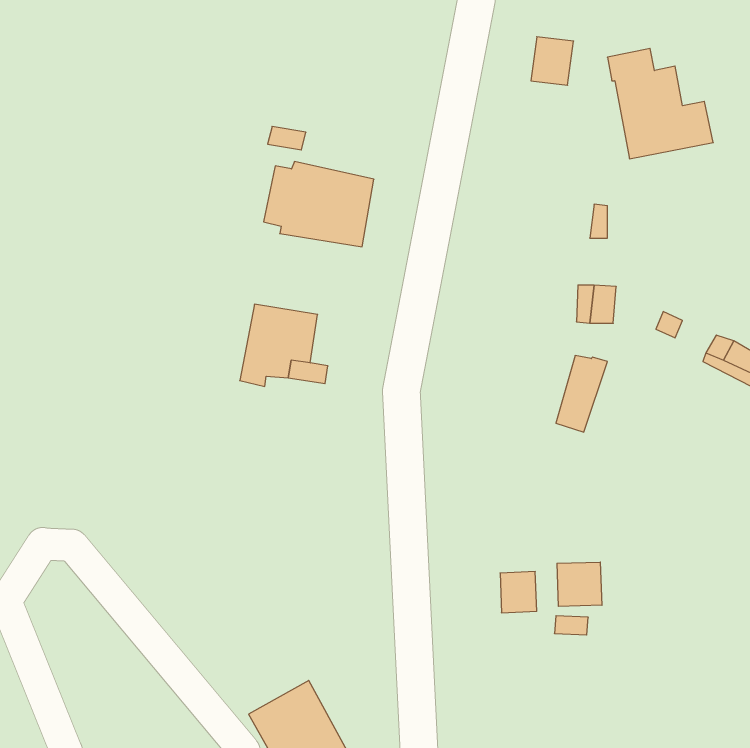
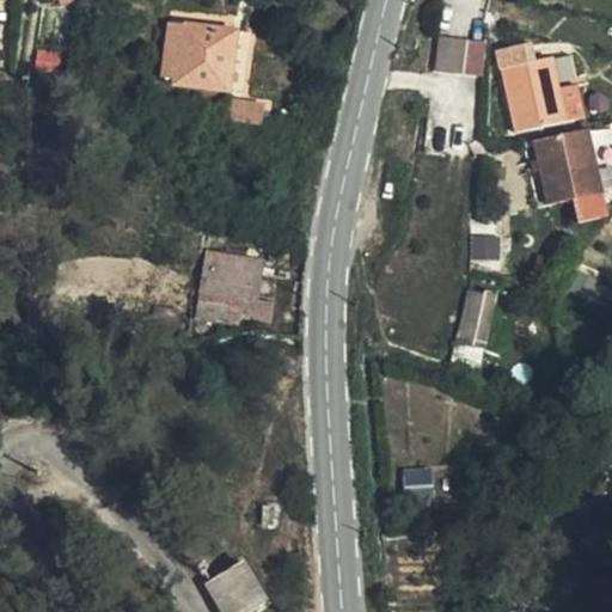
building: none -> [530,129,600,208]
building: [264,162,374,247] -> [161,22,251,91]
building: [557,562,602,606] -> none

